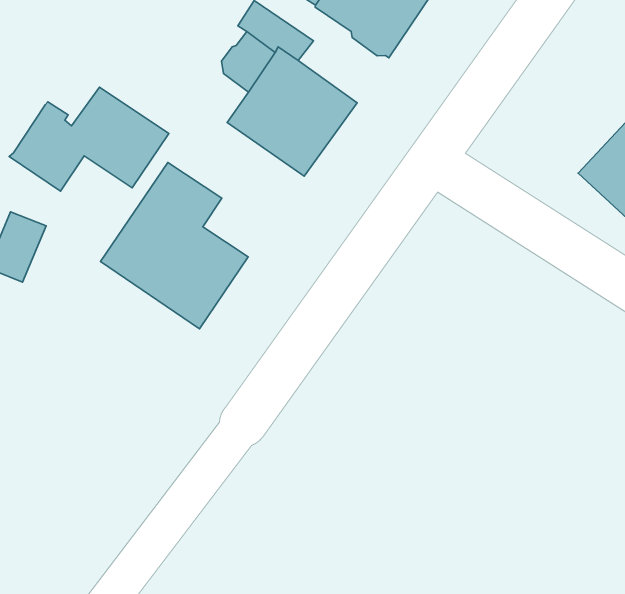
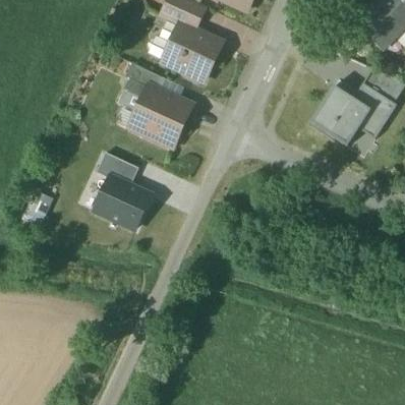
building: [9,87,169,191] -> none

